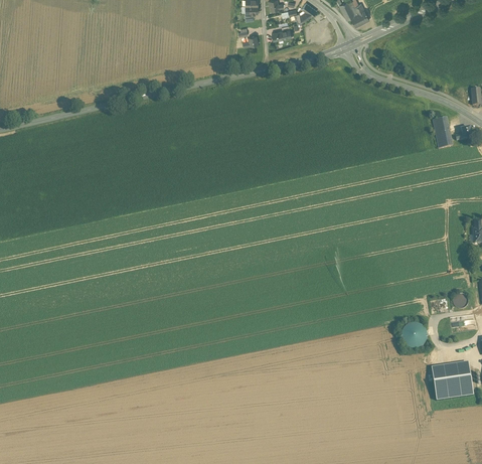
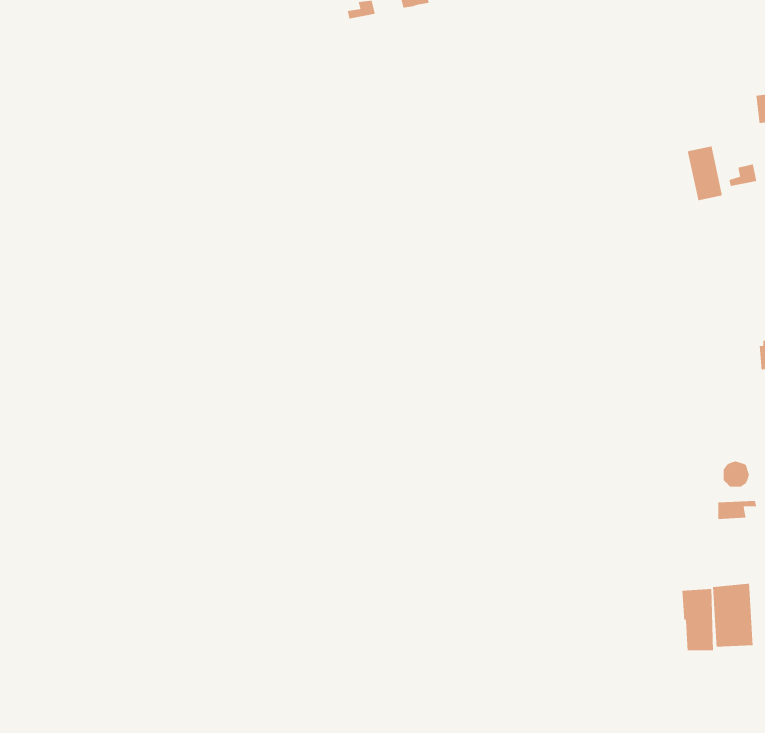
building: [401,322,428,348] -> none

